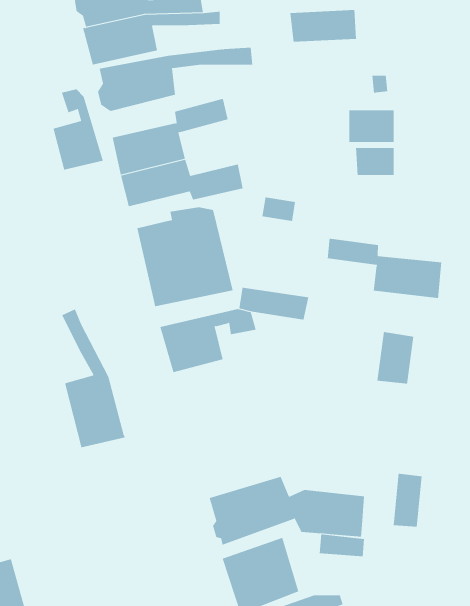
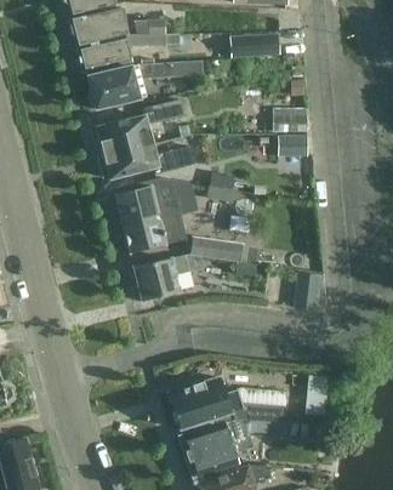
building: [53,88,103,171] -> none
building: [327,238,442,299] -> none
building: [61,308,126,448] -> none

